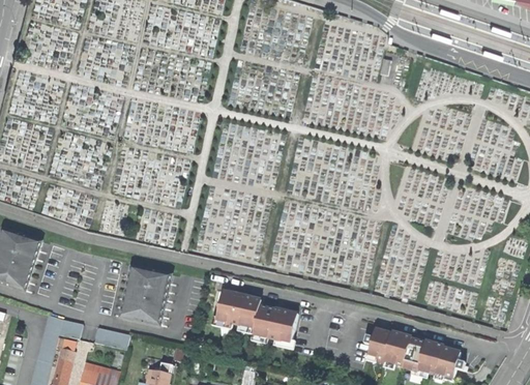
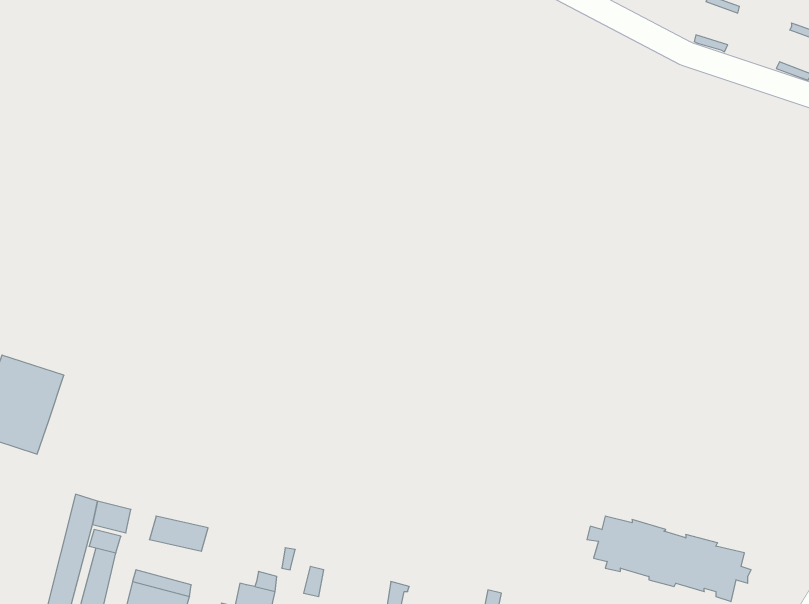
building: [120,265,171,325] -> none
building: [216,291,297,342] -> none

